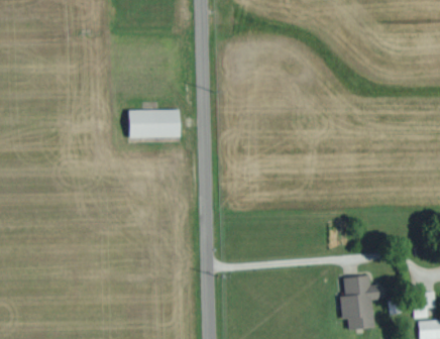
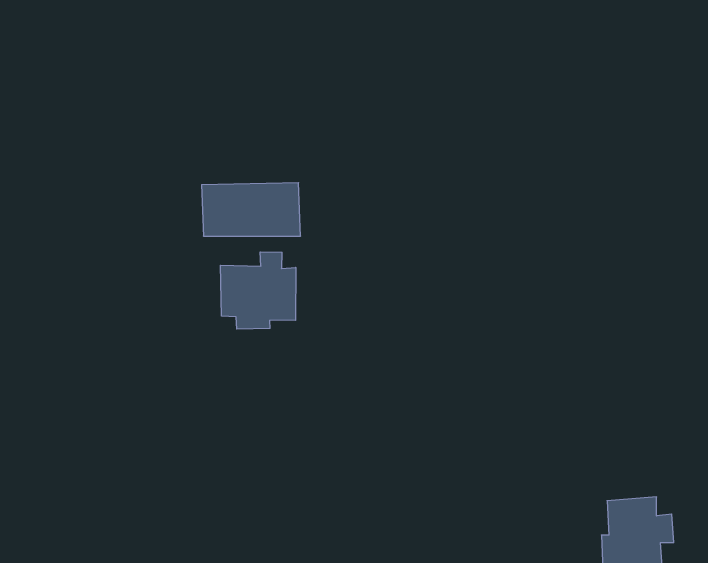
building: none -> [220,252,296,329]

